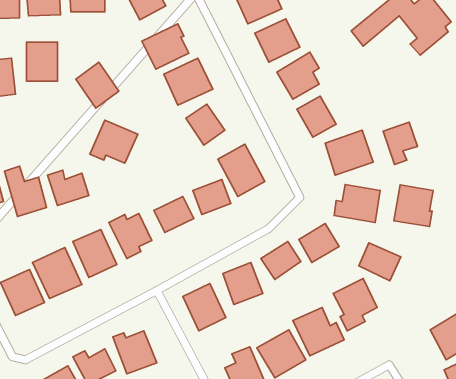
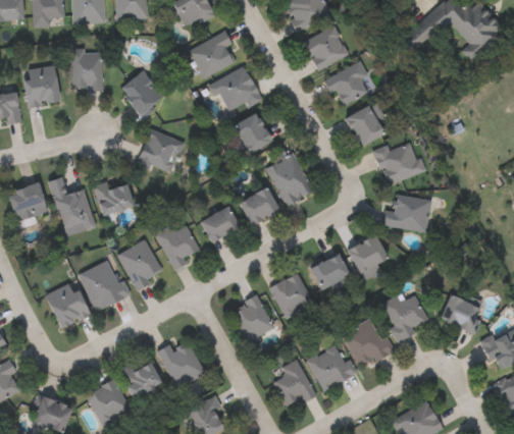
building: [383,122,417,164] -> none
building: [394,185,433,227] -> none
building: [359,243,401,281] -> [441,294,483,333]

